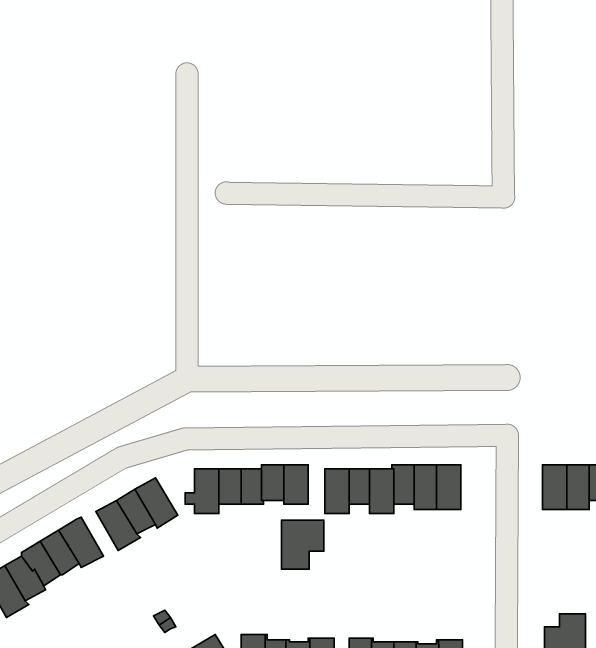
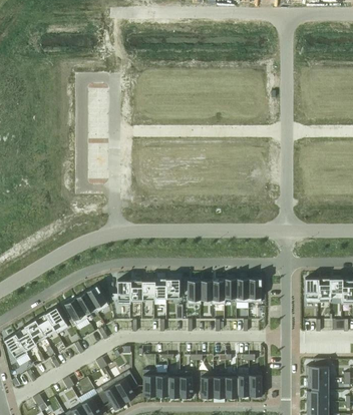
building: [282,520,324,569] -> none

